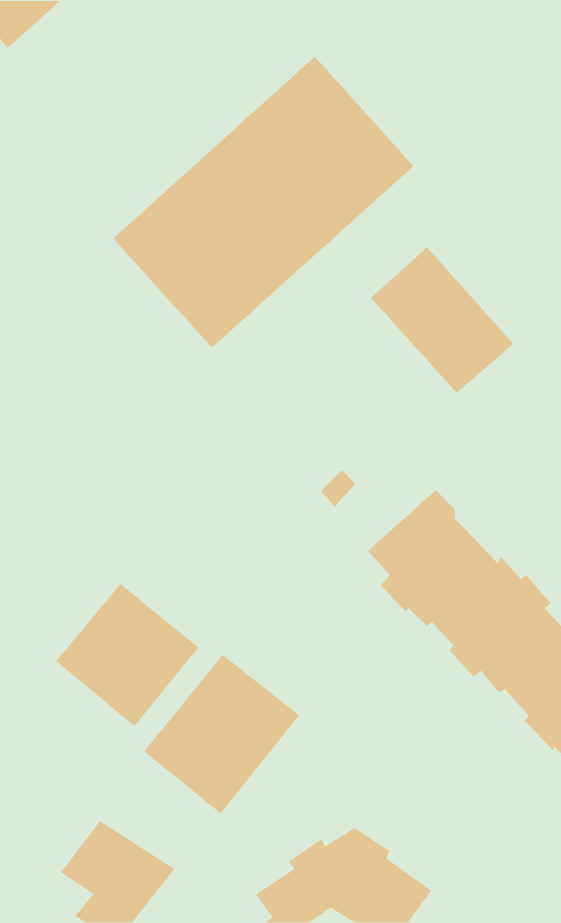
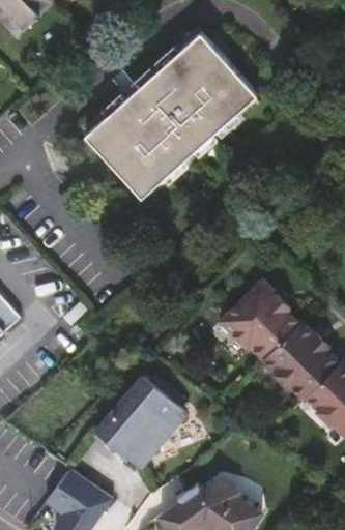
building: [370,246,514,394] -> none
building: [55,583,200,727] -> none

